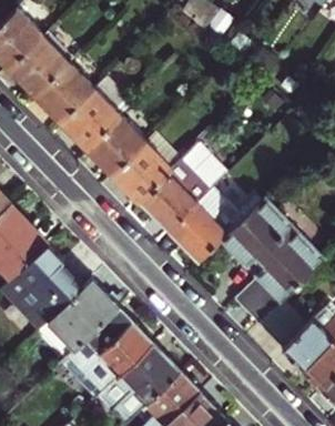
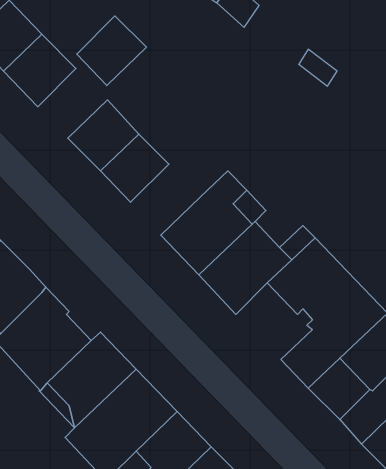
building: [38,63,94,120] -> [77,16,146,86]
building: [113,141,170,199] -> none

